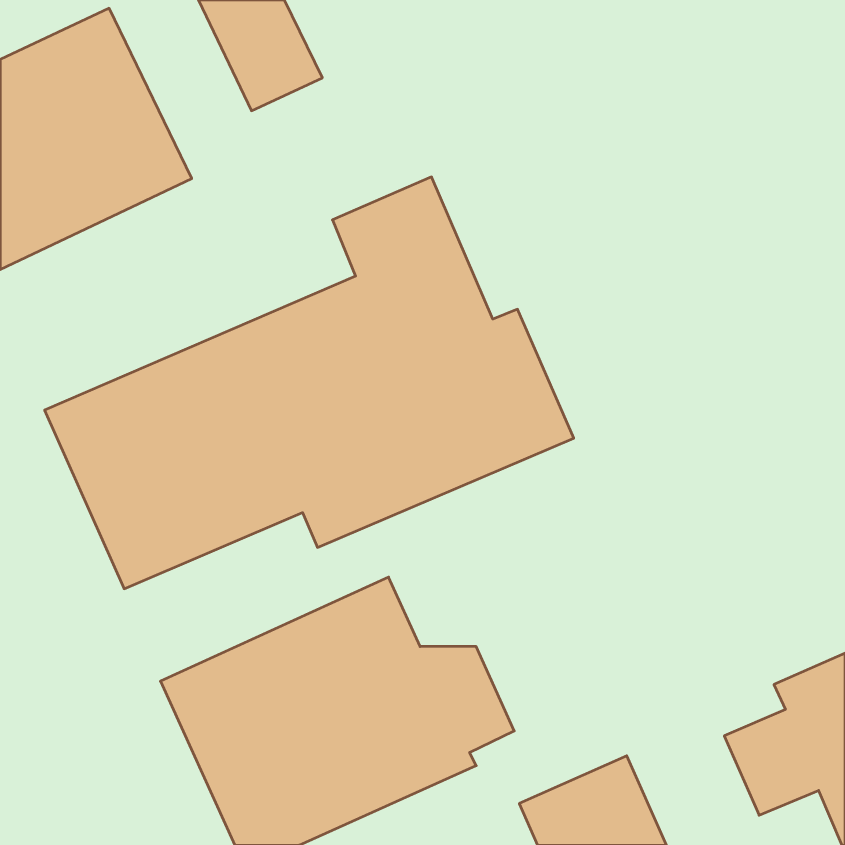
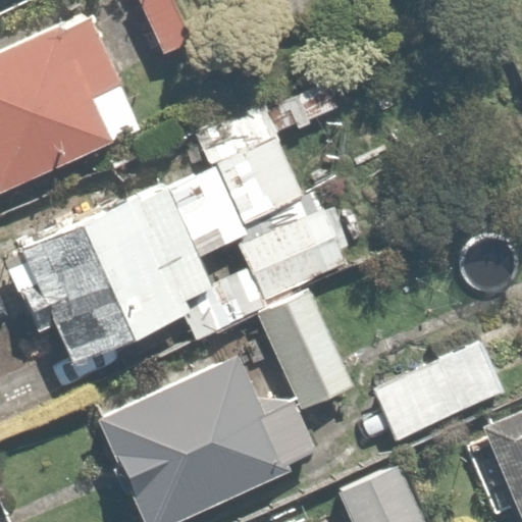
building: none -> [257,292,354,411]
building: none -> [374,338,506,442]

